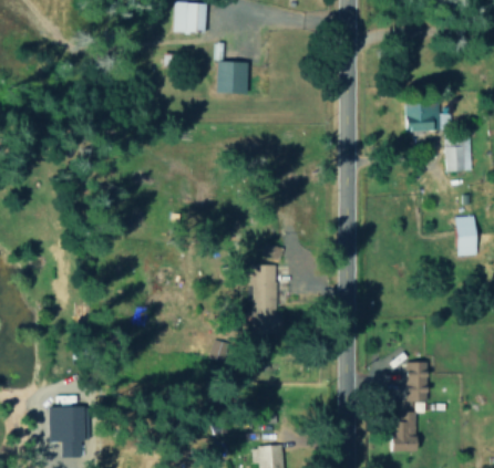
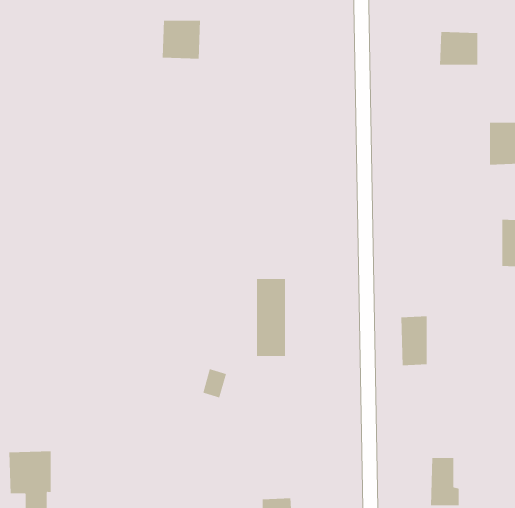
building: [216,61,248,93] -> [162,20,201,59]
building: [405,103,438,131] -> [439,32,478,65]
building: [405,361,428,402] -> [401,316,427,366]

